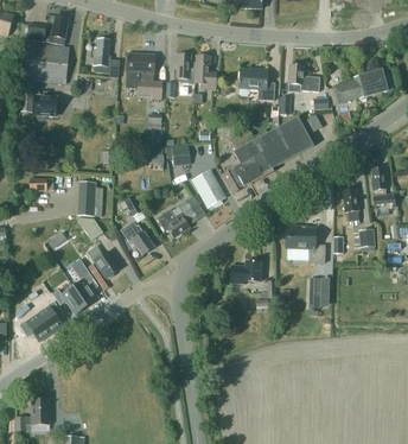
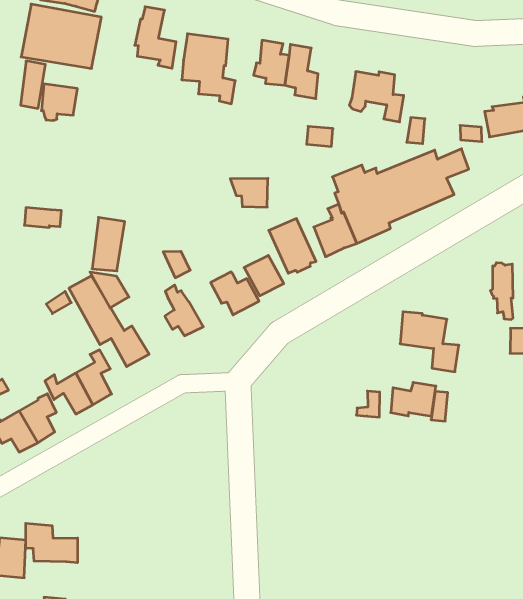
building: [288,64,319,90] -> none
building: [232,260,261,283] -> [391,382,436,416]
building: none -> [26,523,78,563]

